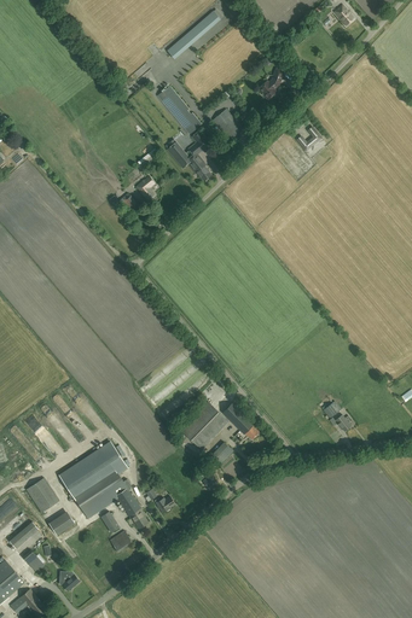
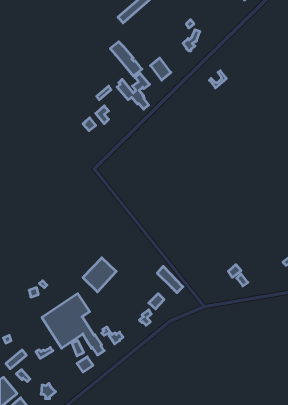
building: [181,402,228,450] -> [83,258,116,292]
building: [28,478,59,512] -> none

